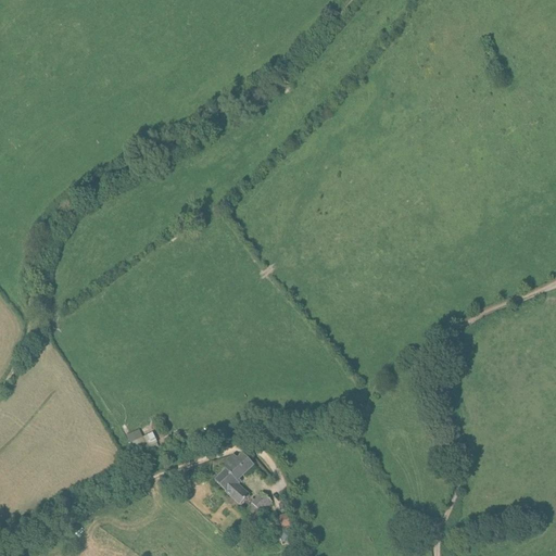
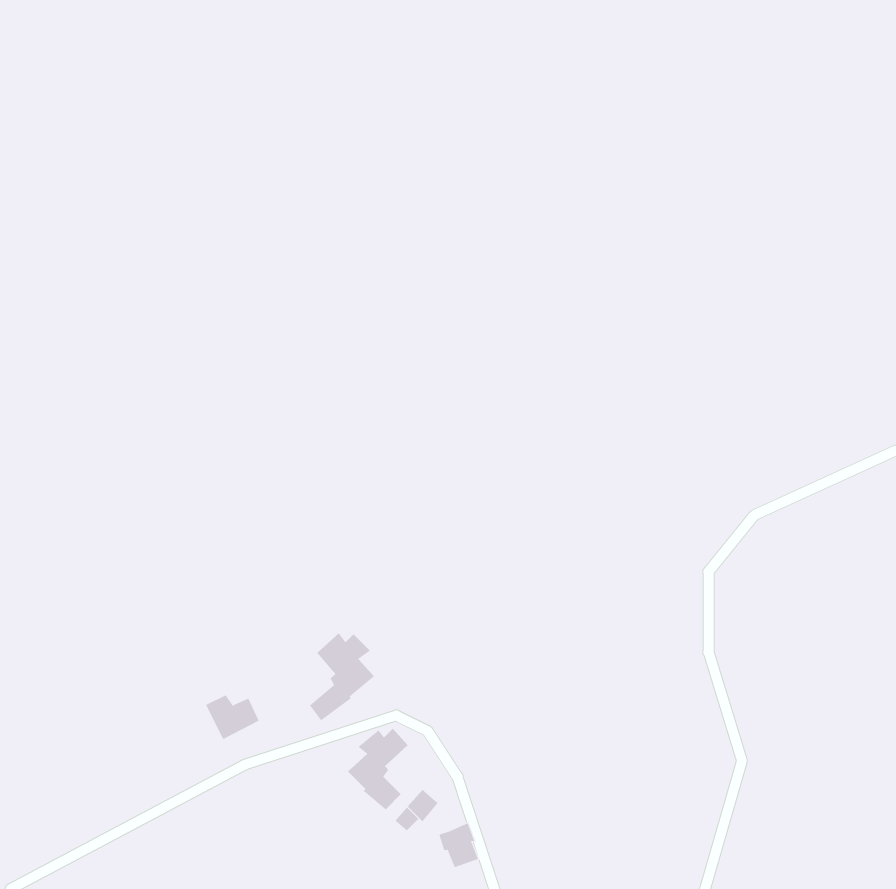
building: none -> [309,633,375,721]

